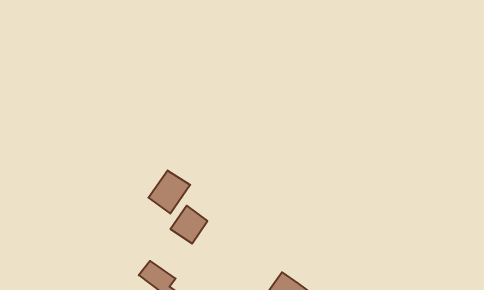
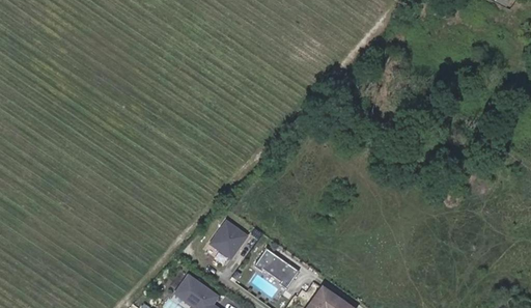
building: [148,170,190,214] -> none
building: none -> [254,249,300,289]

